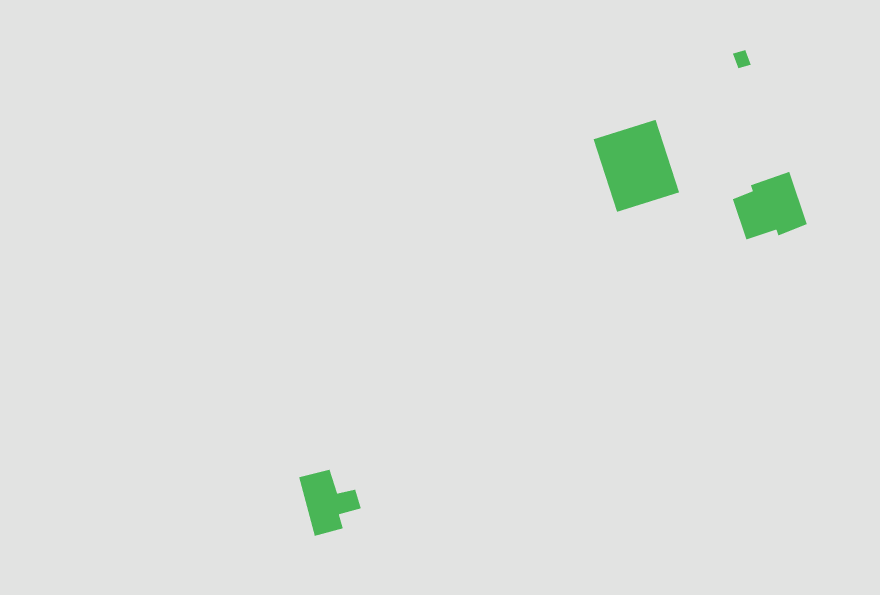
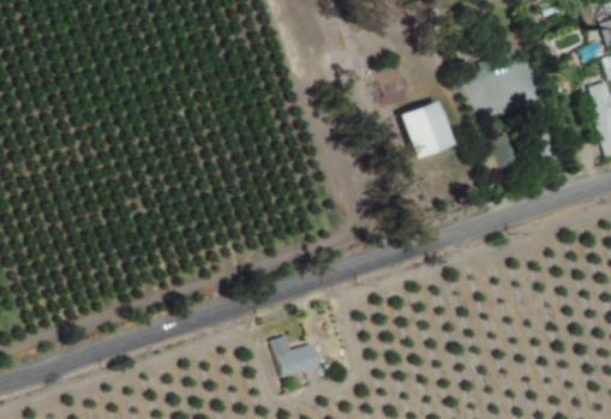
building: [298,469,362,537] -> [271,335,310,376]

